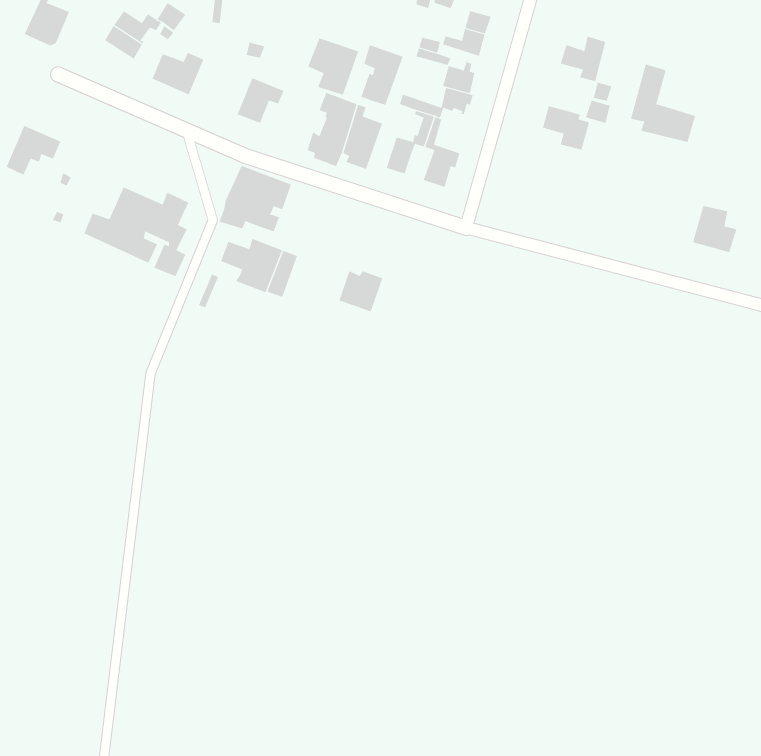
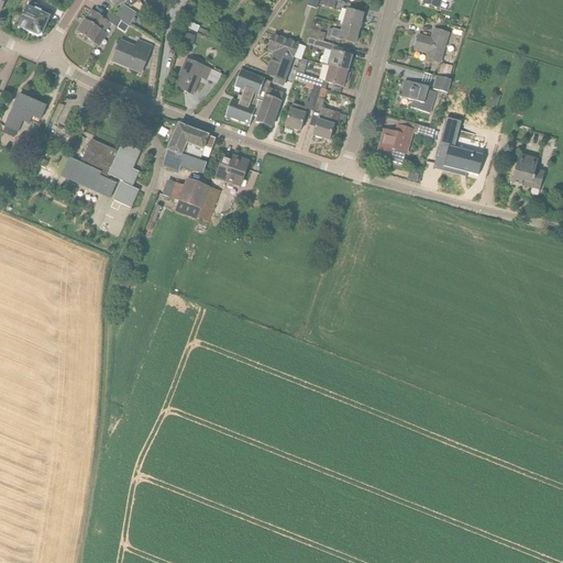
building: [308,38,359,95] -> none
building: [630,64,696,143] -> [432,117,481,175]
building: none -> [376,119,415,162]
building: [338,271,383,312] -> [216,154,249,185]

